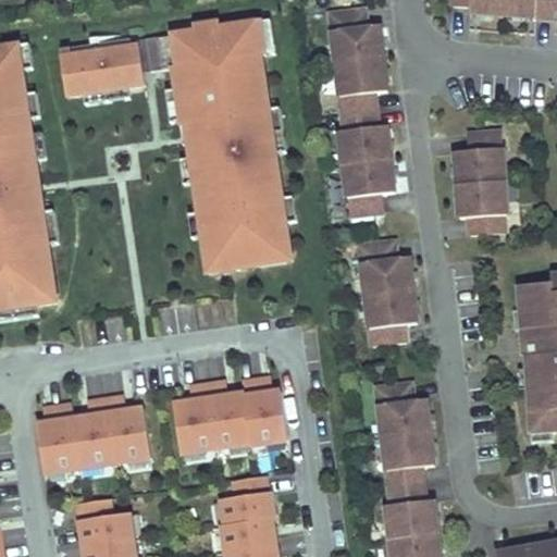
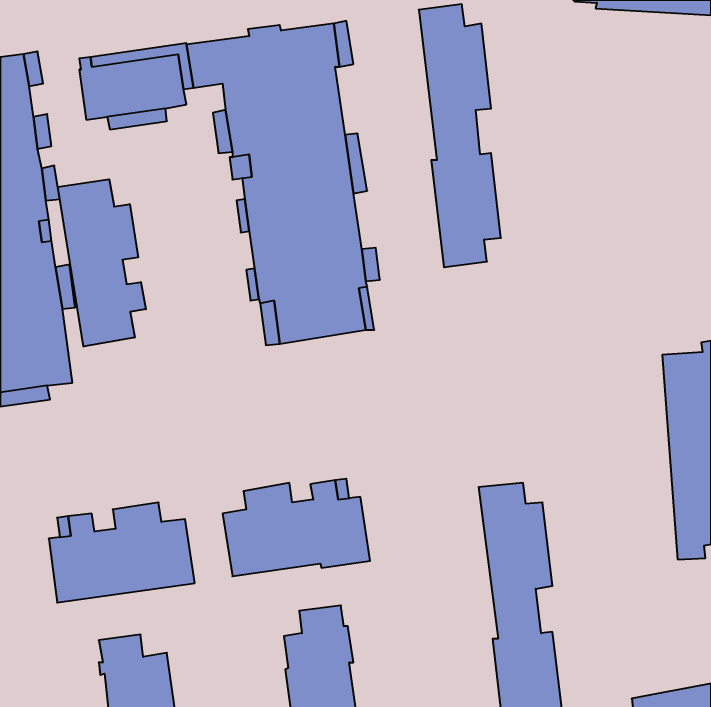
building: [453,127,505,232] -> none
building: none -> [58,179,146,347]
building: [357,239,414,343] -> none

